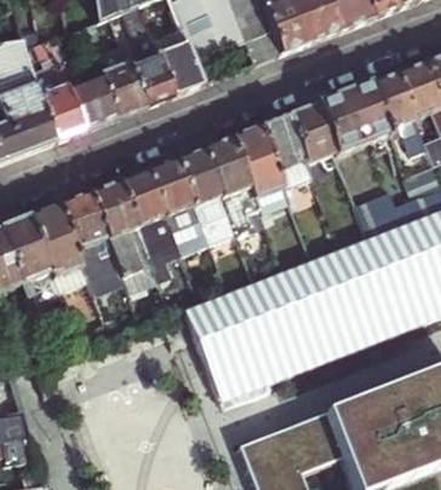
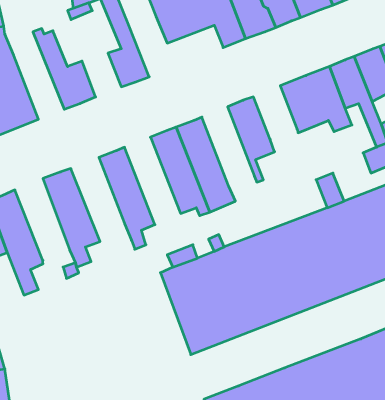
building: [158,28,208,93] -> none
building: [33,36,87,139] -> none
building: [101,42,149,115] -> none
building: [292,103,339,161] -> none
building: [236,126,293,212] -> none
building: [153,158,217,261] -> none
building: [94,180,160,295] -> none
building: [34,203,93,292] -> none

